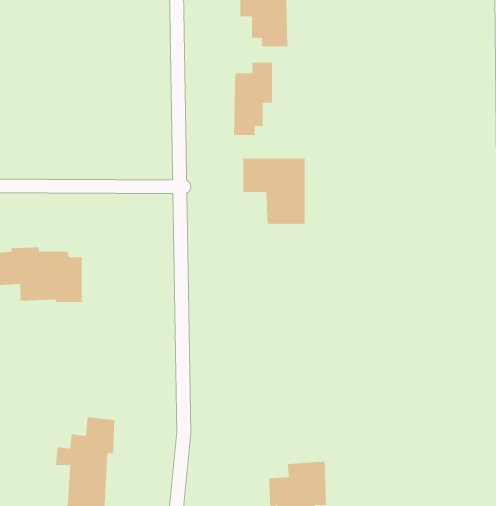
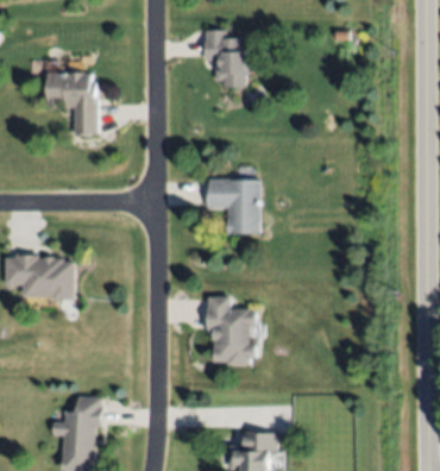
building: none -> [46,71,99,136]
building: [234,62,272,136] -> none
building: none -> [208,297,258,365]

